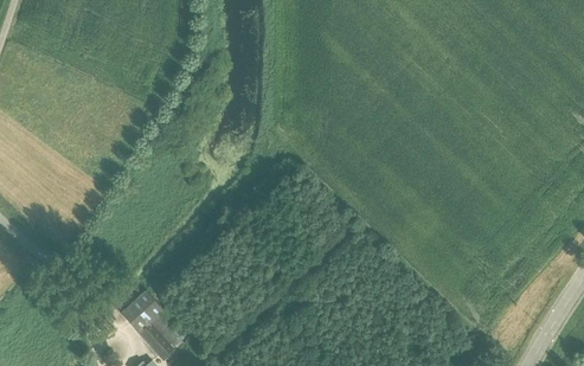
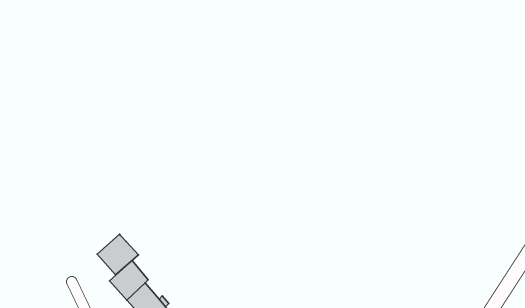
building: none -> [97,234,139,275]

